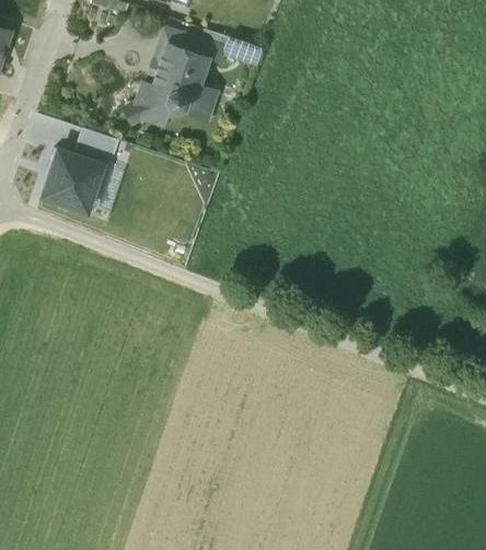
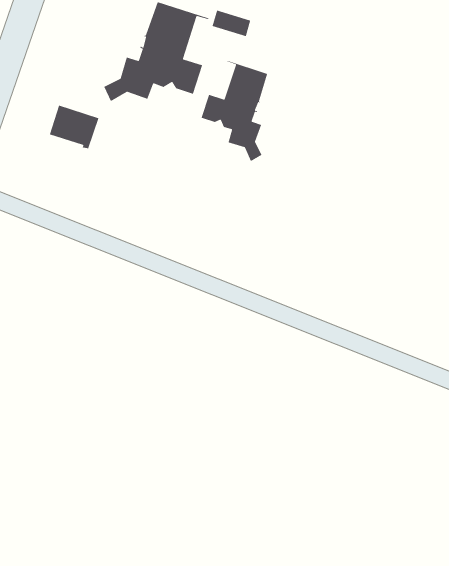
building: none -> [201,60,268,162]
building: [42,149,105,214] -> none

